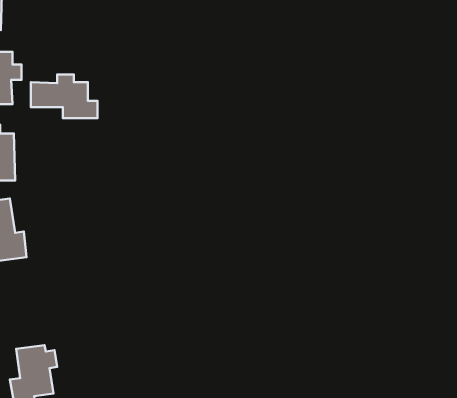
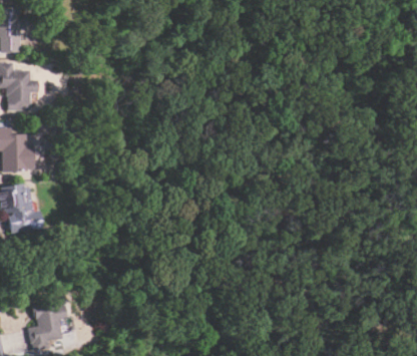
building: [31,75,97,118] -> none

